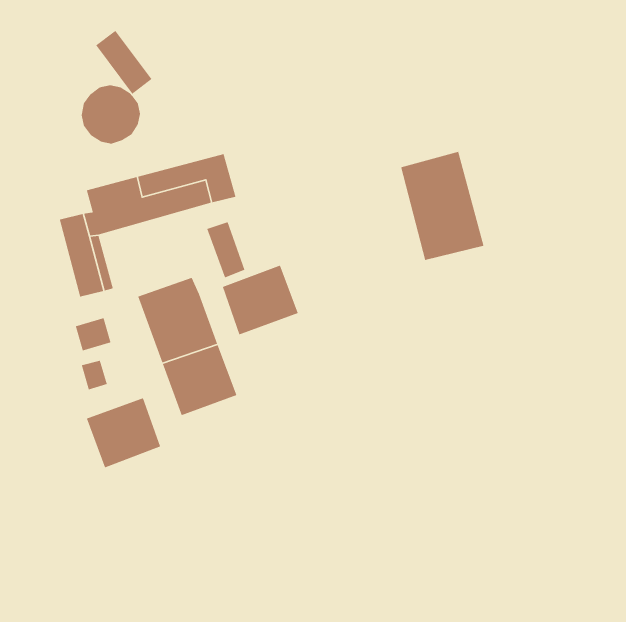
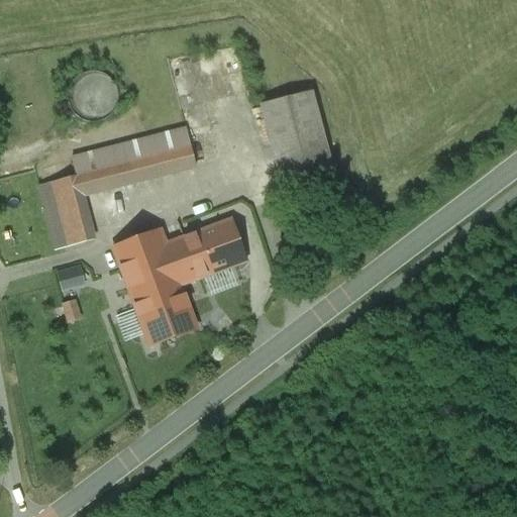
building: [95,30,153,95] -> none
building: [400,151,485,261] -> [262,91,331,182]
building: [206,221,245,279] -> [165,236,197,284]
building: [86,397,161,469] -> none

